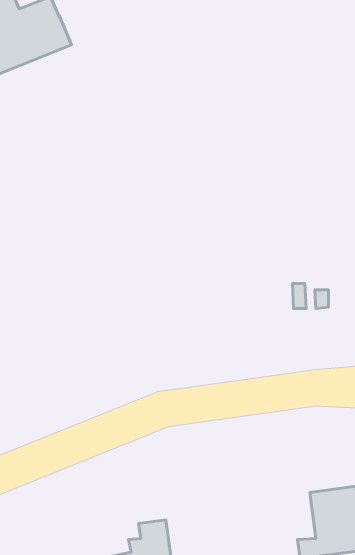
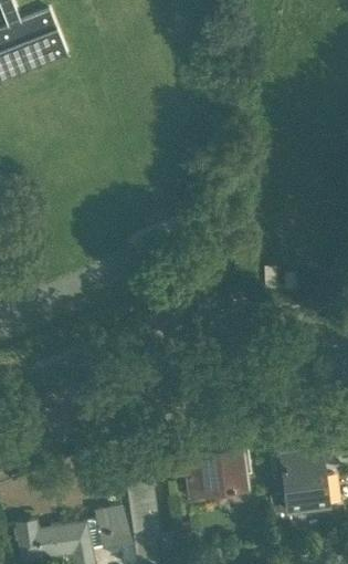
building: none -> [182,449,246,497]

